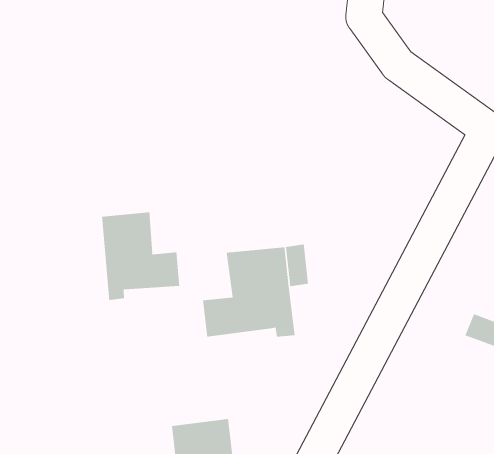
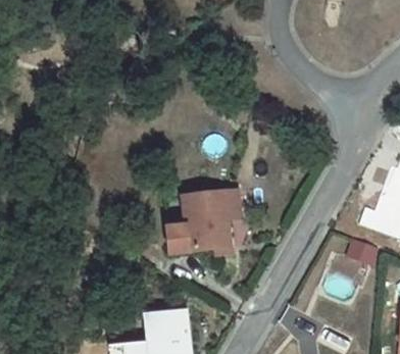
building: [102,211,180,301] -> none

